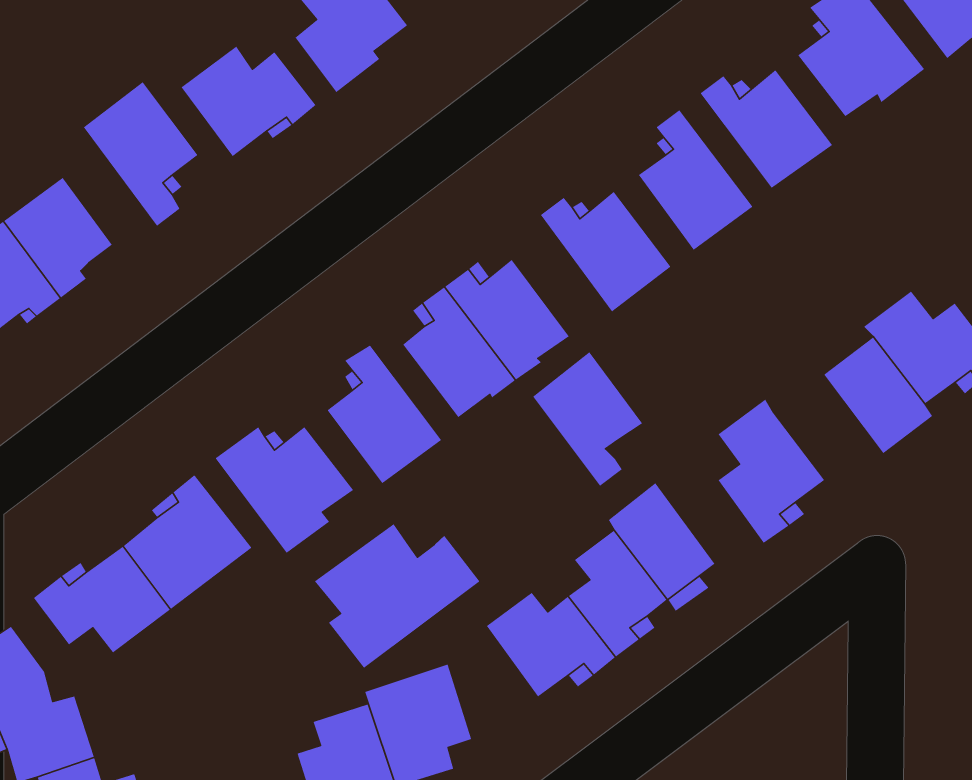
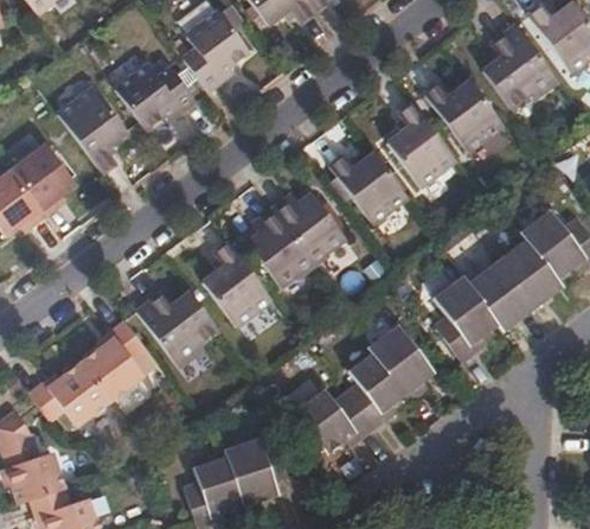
building: [532,351,643,487] -> none
building: none -> [468,260,533,330]
building: [314,523,481,669] -> none

